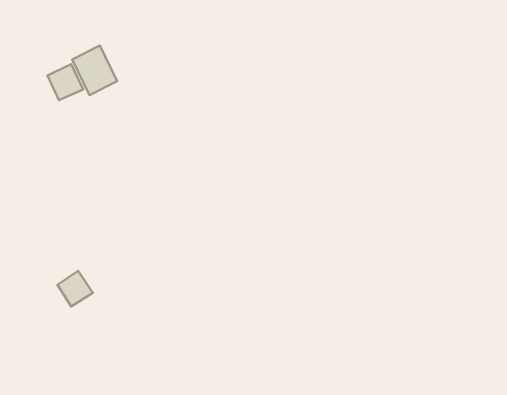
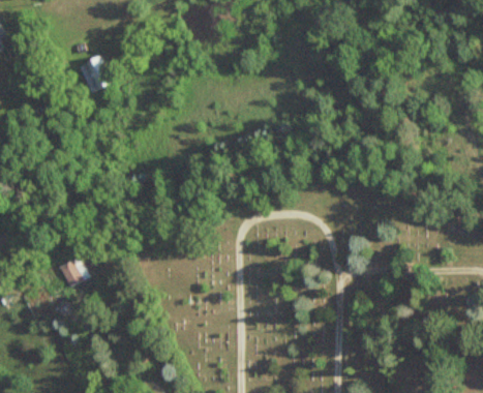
building: [48,64,83,100] -> none

